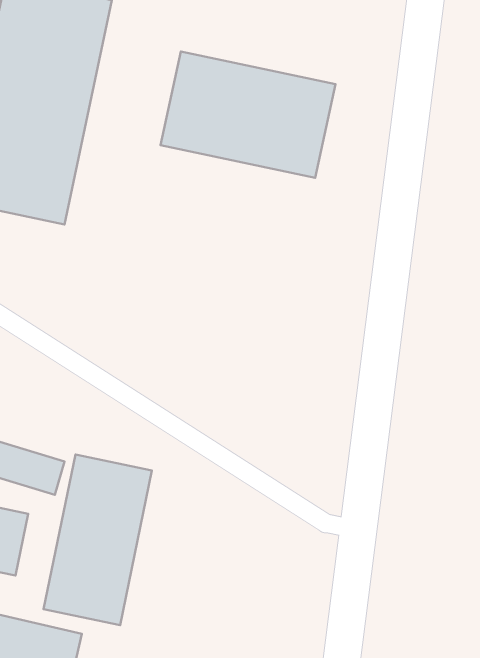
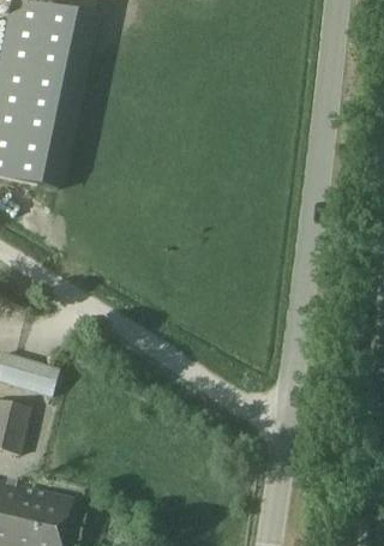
building: [161,51,336,178] -> none
building: [44,454,152,625] -> none

